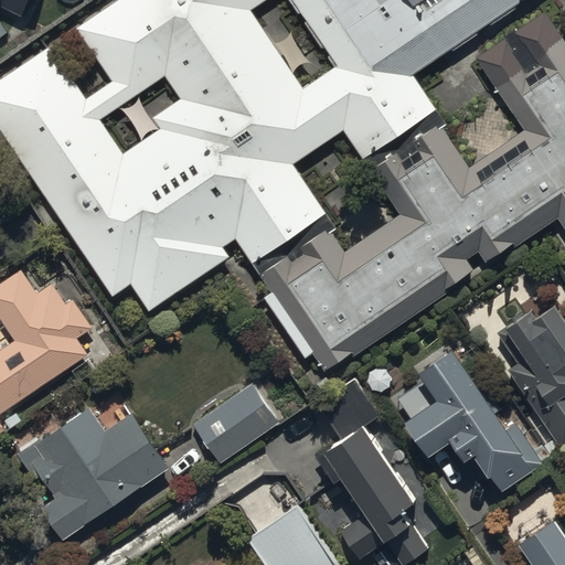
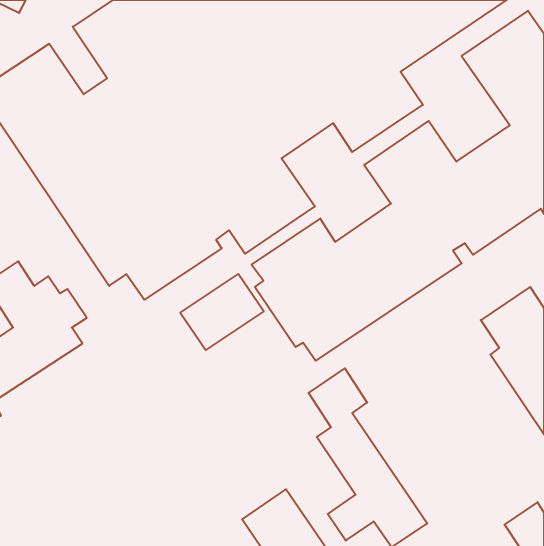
building: [407,350,534,491] -> none
building: [192,384,278,462] -> [180,274,264,350]
building: [7,408,166,540] -> none

